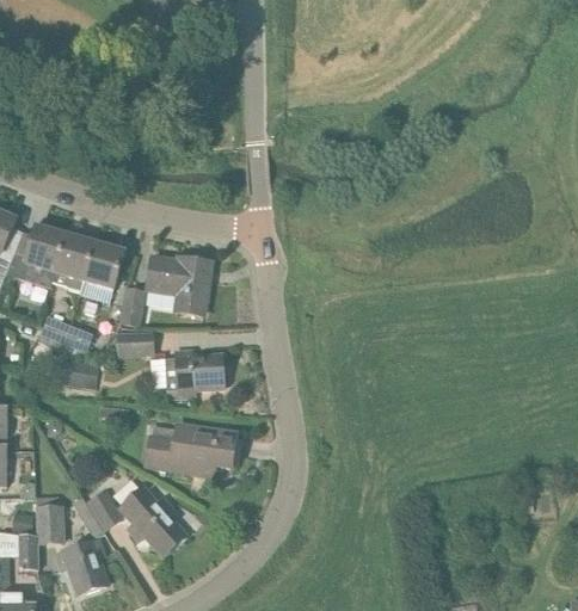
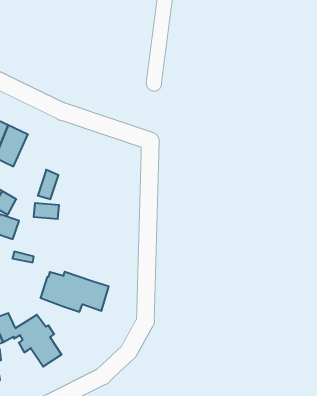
building: [81,243,124,297] -> none
building: [148,258,208,314] -> none
building: [165,351,223,396] -> none

